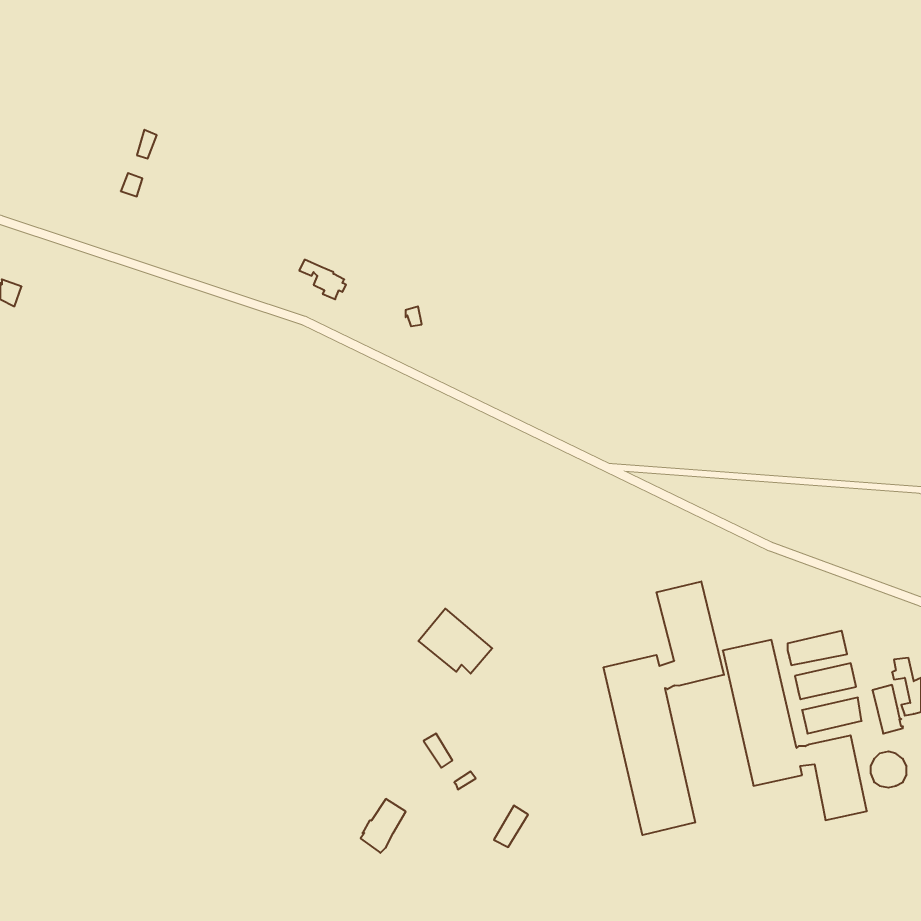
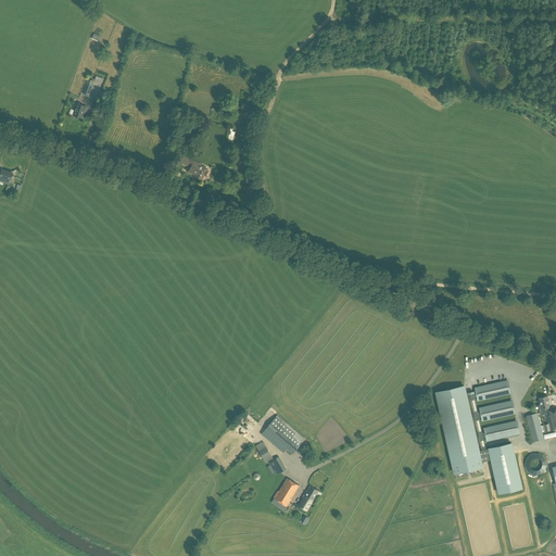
building: [604,581,724,835] -> none
building: [418,609,492,674] -> [261,415,305,454]
building: [361,799,406,853] -> [271,478,299,510]

